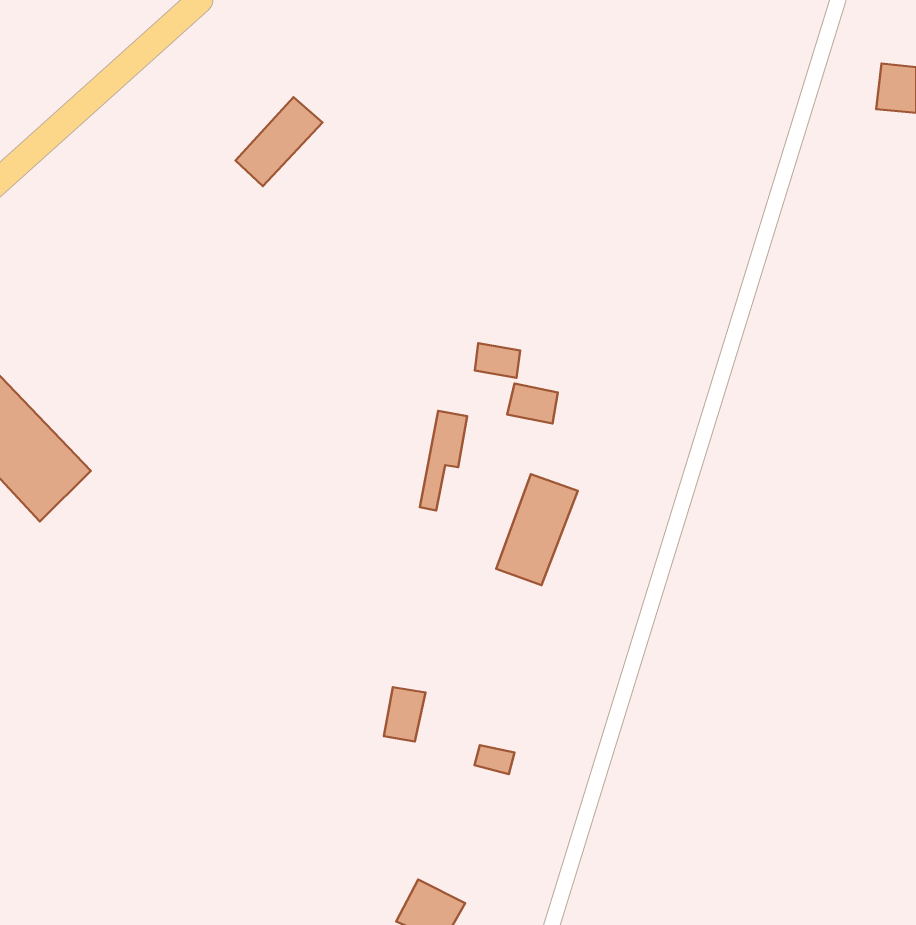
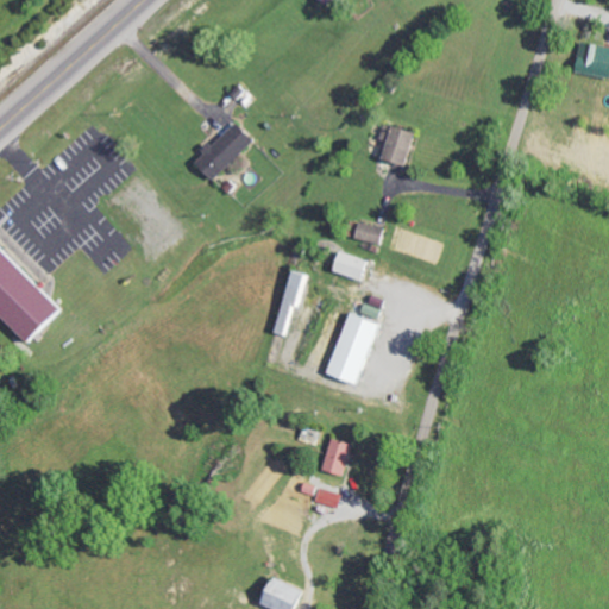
building: [235,97,323,186] -> [192,123,249,181]
building: none -> [376,124,414,167]
building: [475,343,520,378] -> [350,222,379,245]
building: [384,687,426,742] -> [321,440,349,476]

